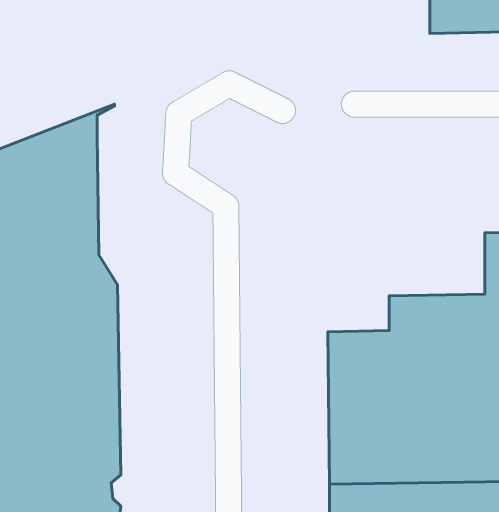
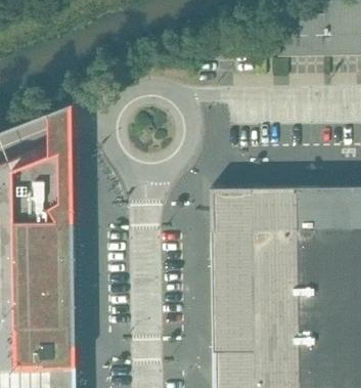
building: none -> [217,187,320,252]

